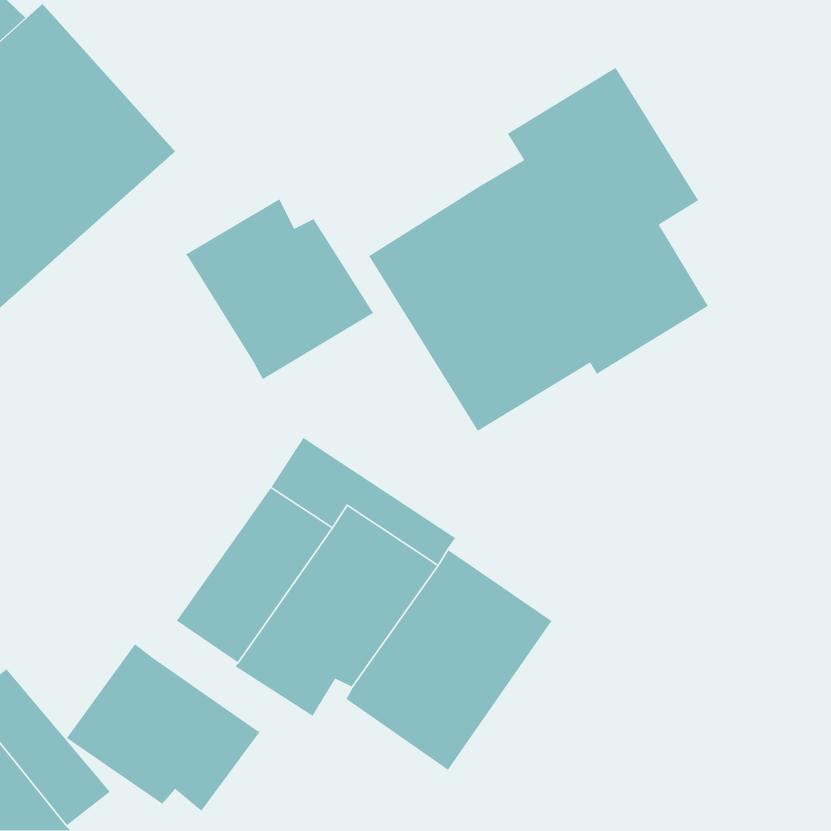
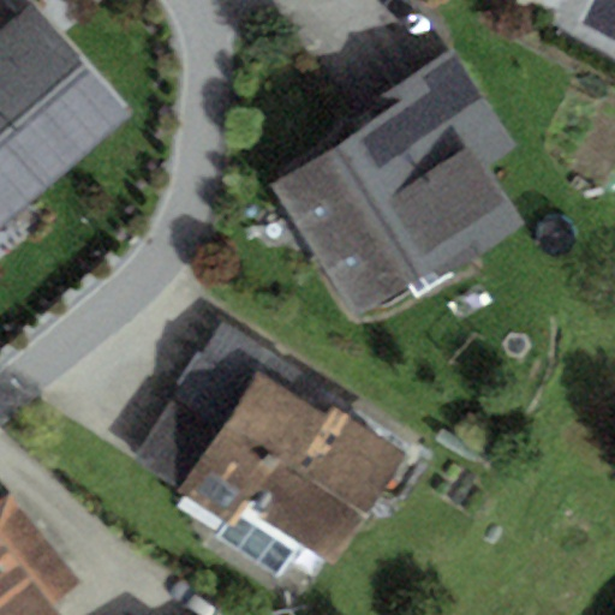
building: [184,198,374,380] -> none
building: [66,643,261,812] -> none

